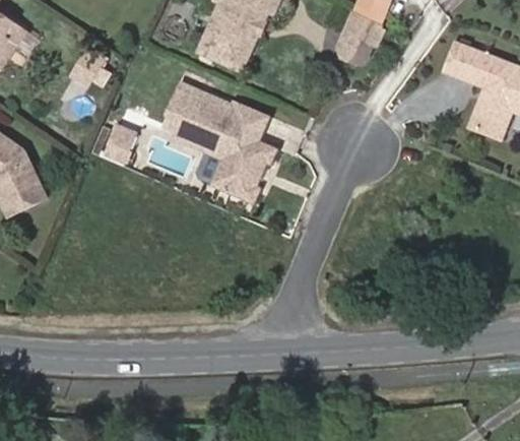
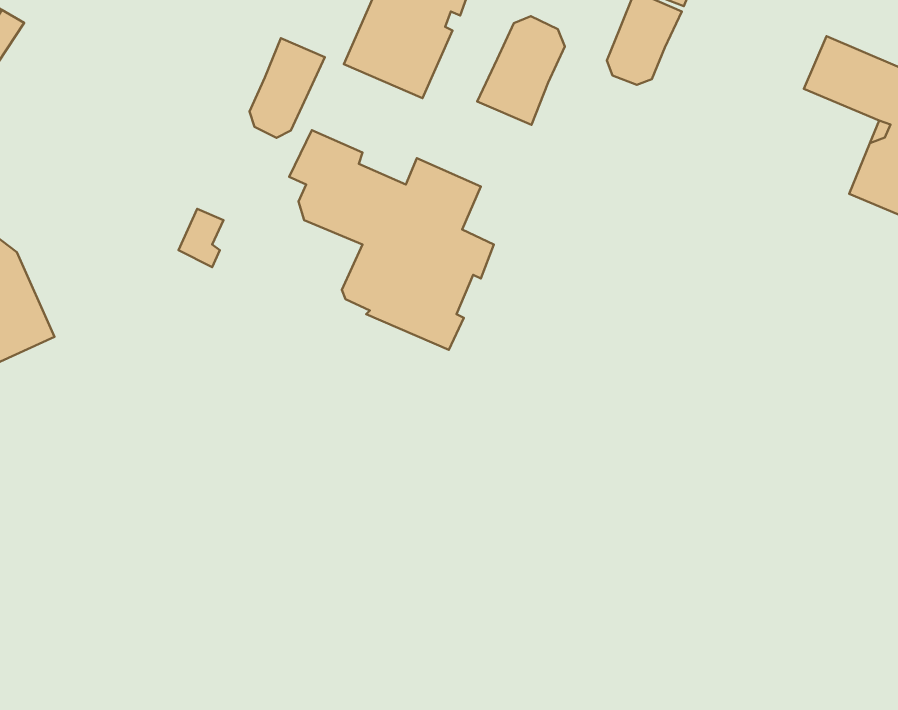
building: none -> [477,16,565,125]
building: none -> [249,38,325,138]

